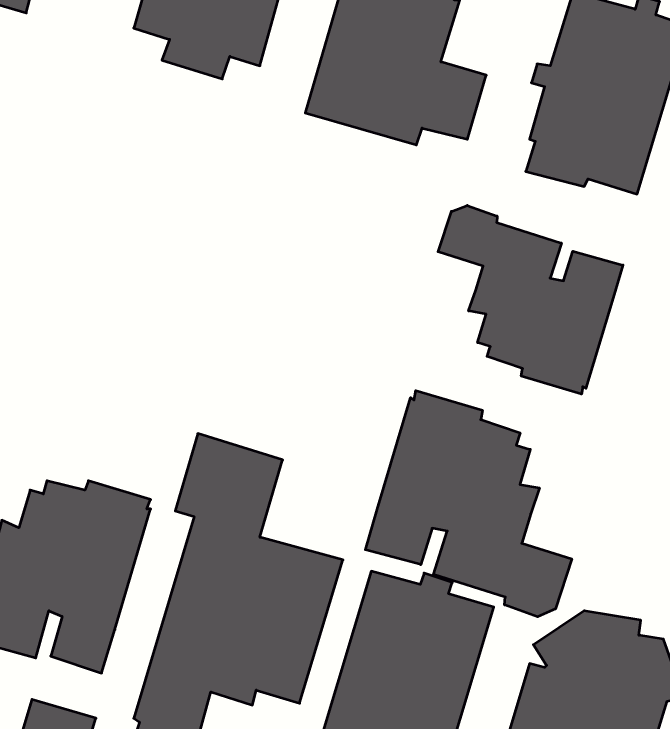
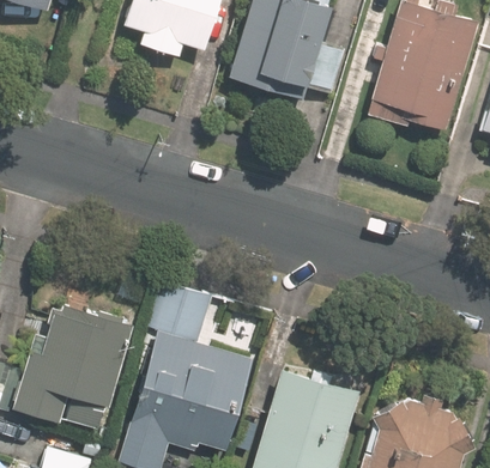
building: [438,205,623,394] -> none
building: [365,391,572,617] -> none

